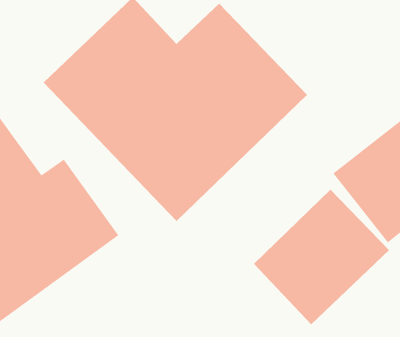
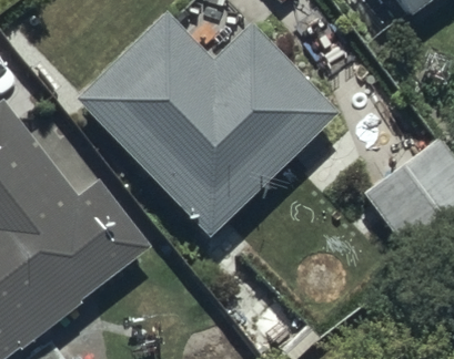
building: [253,189,390,325] -> none

